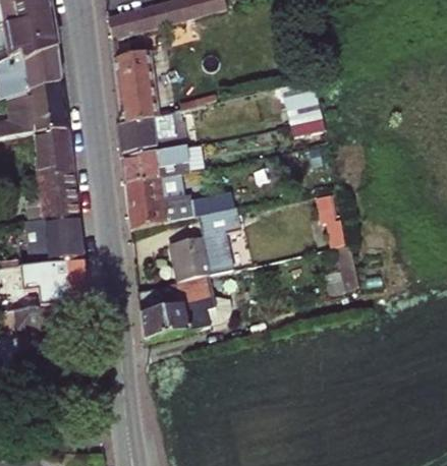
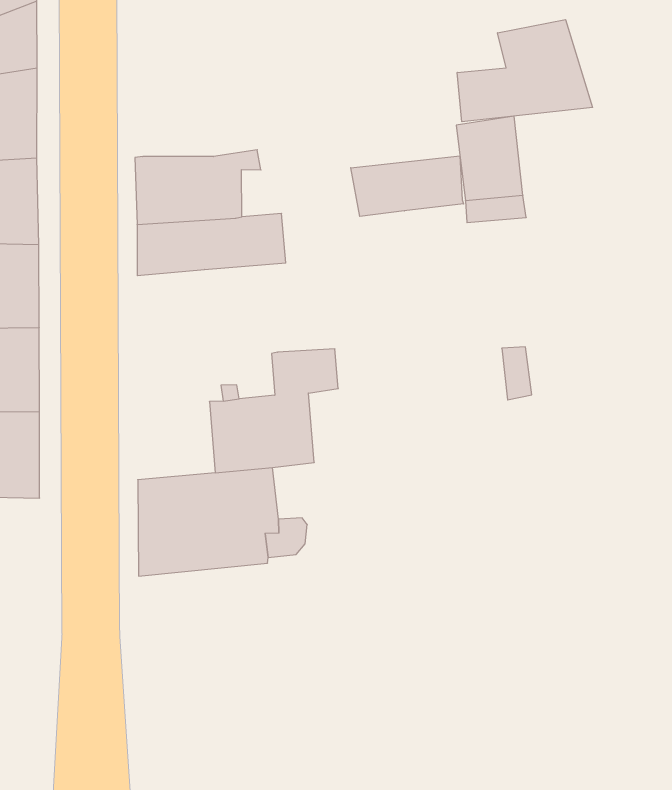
building: none -> [457,20,593,122]
building: [114,52,159,120] -> none
building: none -> [351,156,464,216]
building: [126,175,204,228] -> none
building: [324,243,360,294] -> none

